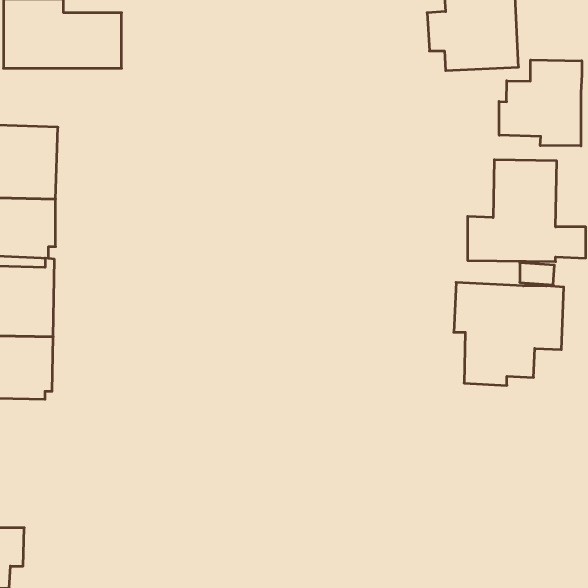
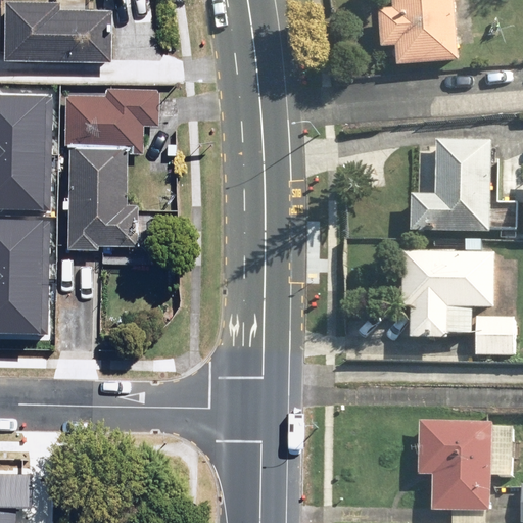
building: [499,60,582,146] -> none
building: none -> [59,87,158,248]
building: none -> [474,315,512,353]
building: none -> [416,419,513,514]

